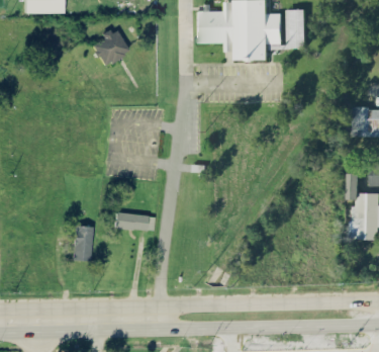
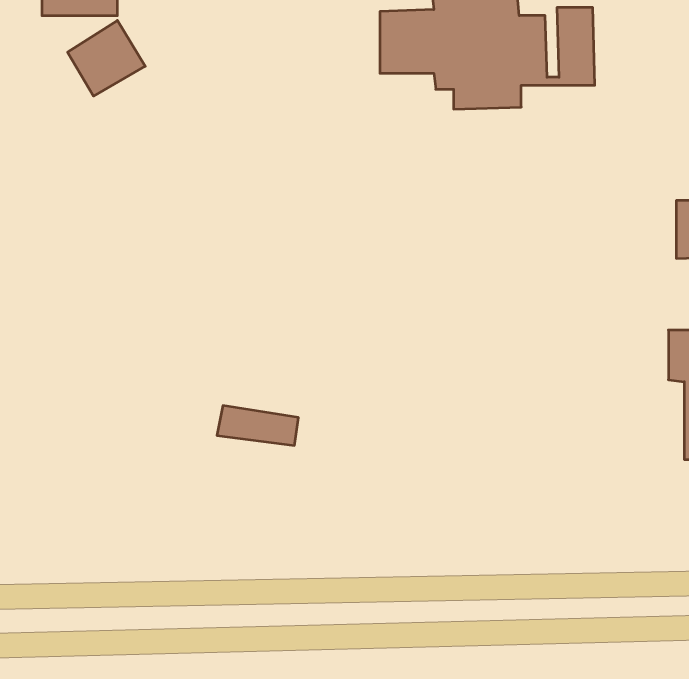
building: [91,28,130,67] -> [68,20,145,96]
building: [74,226,93,260] -> none

